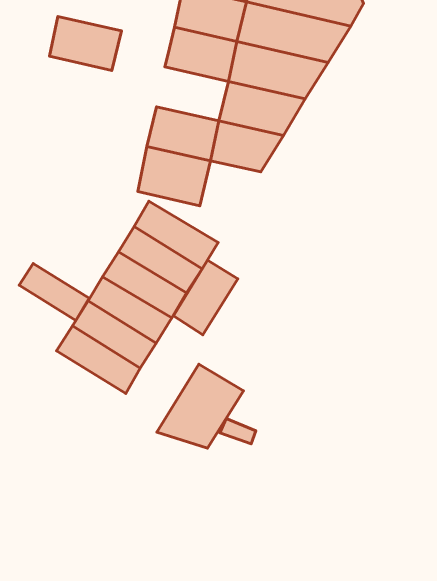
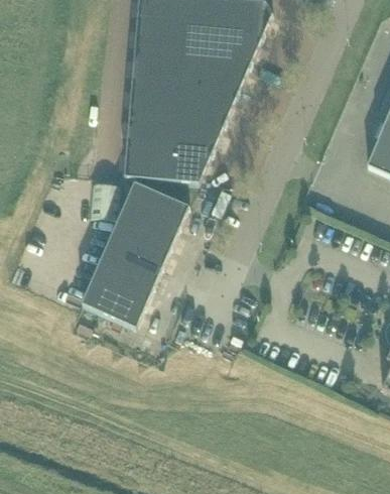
building: [50,16,121,70] -> [131,80,181,114]
building: none -> [173,144,215,180]
building: [173,260,238,335] -> none
building: [19,264,89,320] -> none
building: [157,364,243,448] -> none

